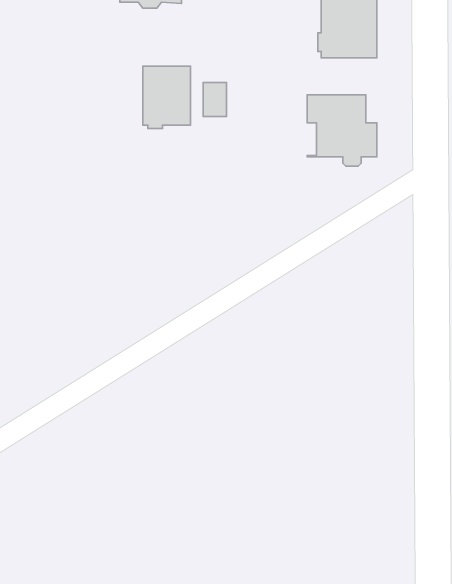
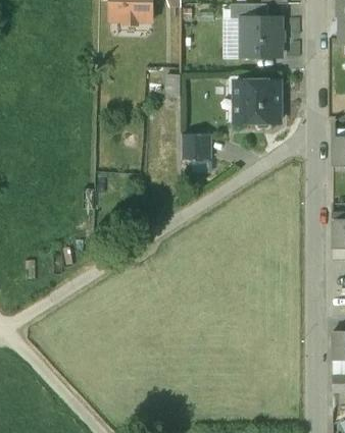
building: [143,66,191,128] -> none
building: none -> [181,136,209,160]

